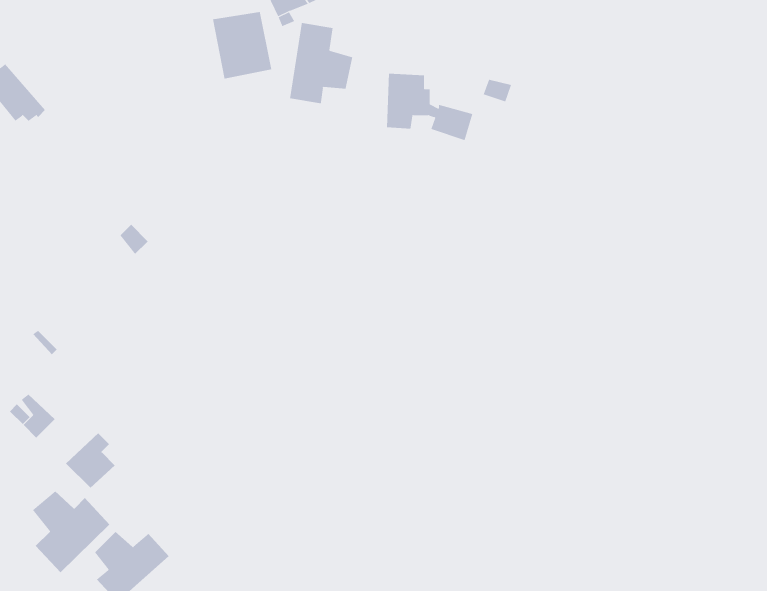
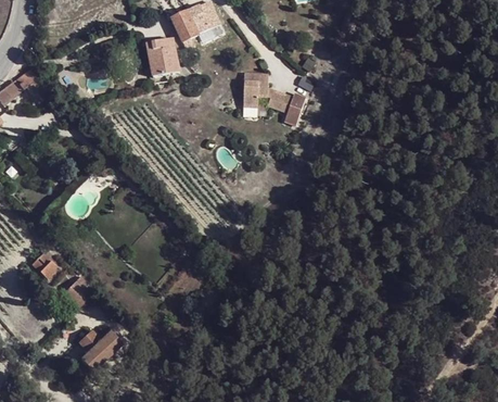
building: [290,22,353,104] -> none
building: [32,490,110,573] -> none

